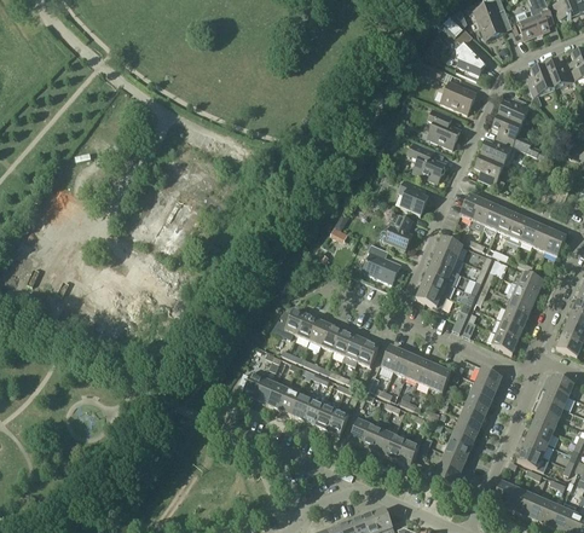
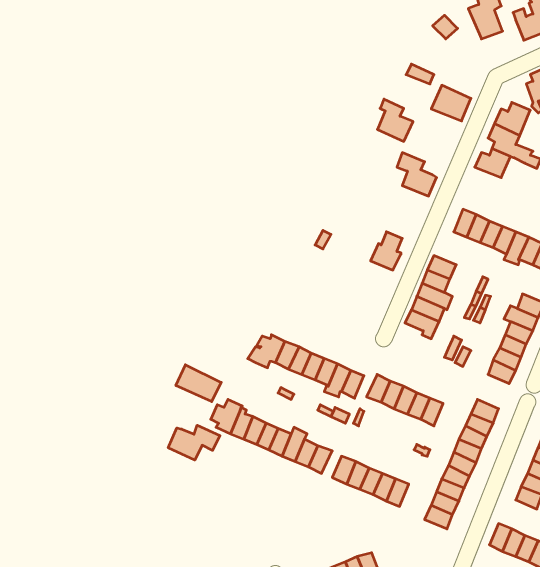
building: [456,40,486,77] -> none
building: [428,108,461,146] -> [377,99,413,141]
building: [475,153,504,186] -> none
building: [399,176,428,213] -> none
building: [363,242,400,282] -> none
building: none -> [176,365,221,402]
building: none -> [168,425,220,460]

